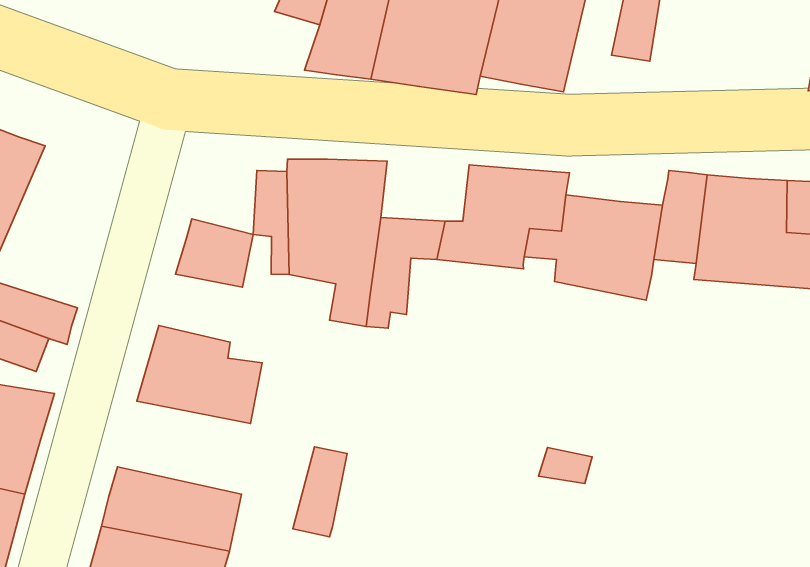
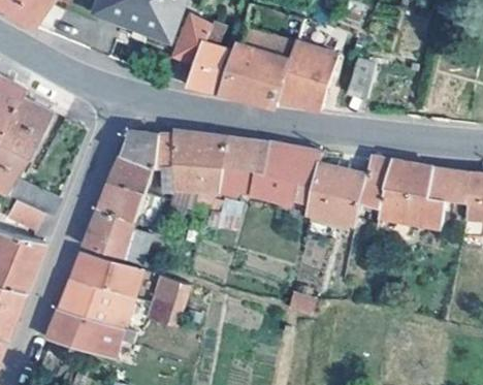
building: none -> [219,137,267,172]
building: none -> [121,131,157,168]
building: none -> [98,185,143,223]
building: none -> [69,254,141,302]

